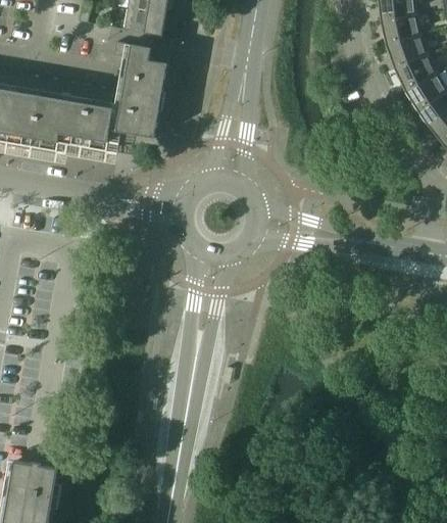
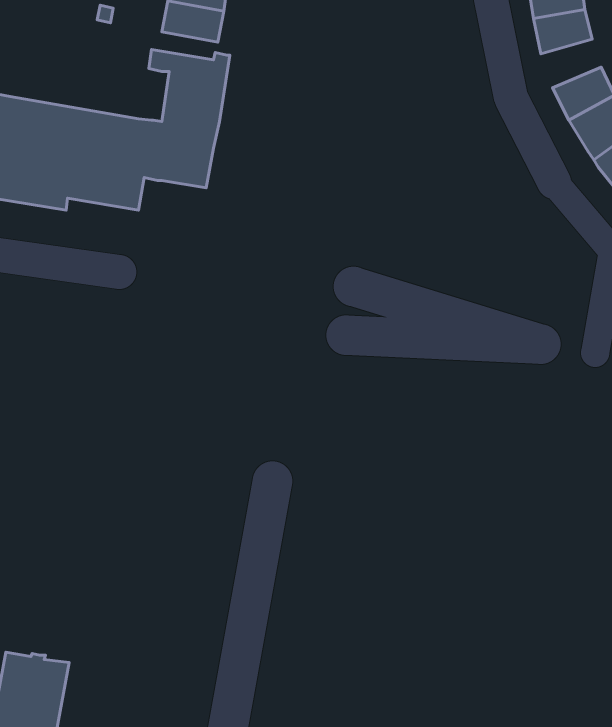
building: [386,37,428,70] -> none

